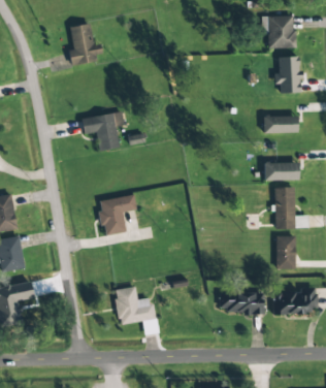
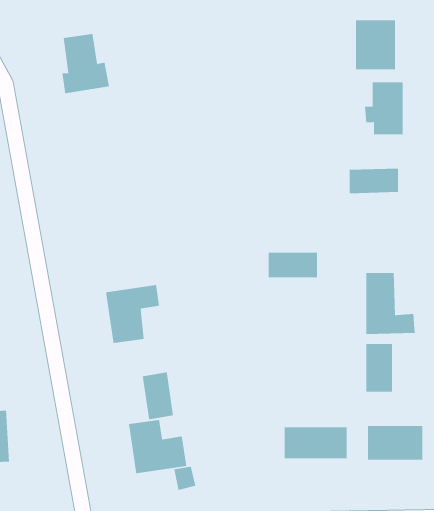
building: [82,112,124,151] -> none
building: [265,162,299,180] -> [268,252,318,278]
building: none -> [142,371,174,420]

